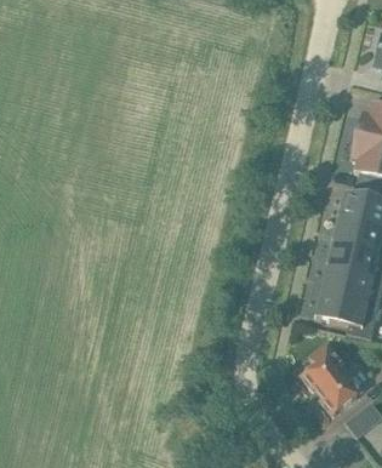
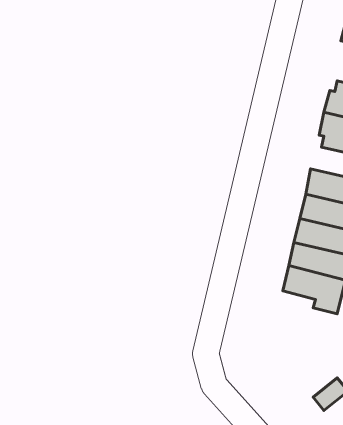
building: [301,343,360,412] -> none

